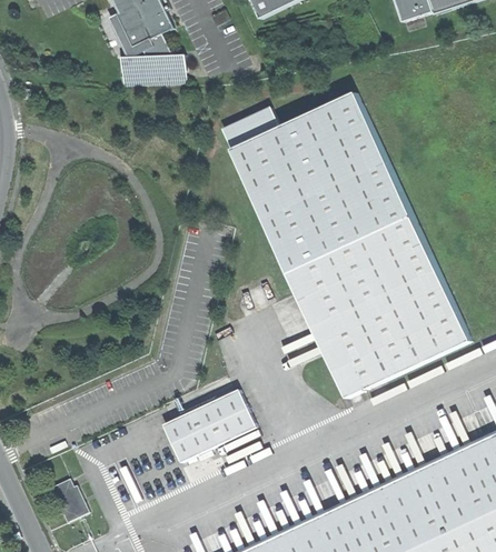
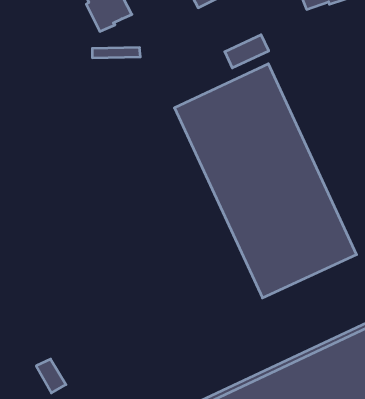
building: [121,33,188,73] -> none
building: [221,107,279,150] -> [225,35,269,68]
building: [162,389,256,462] -> none

